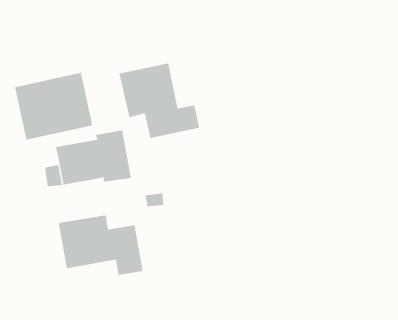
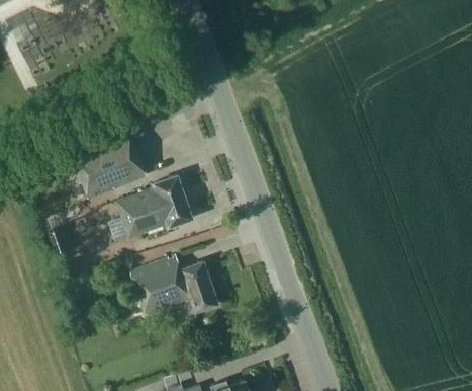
building: [119,62,200,139] -> none

